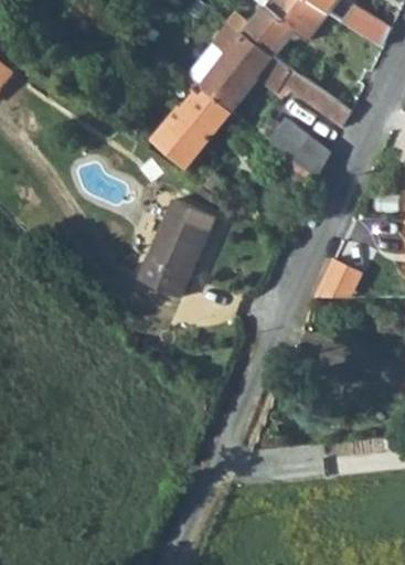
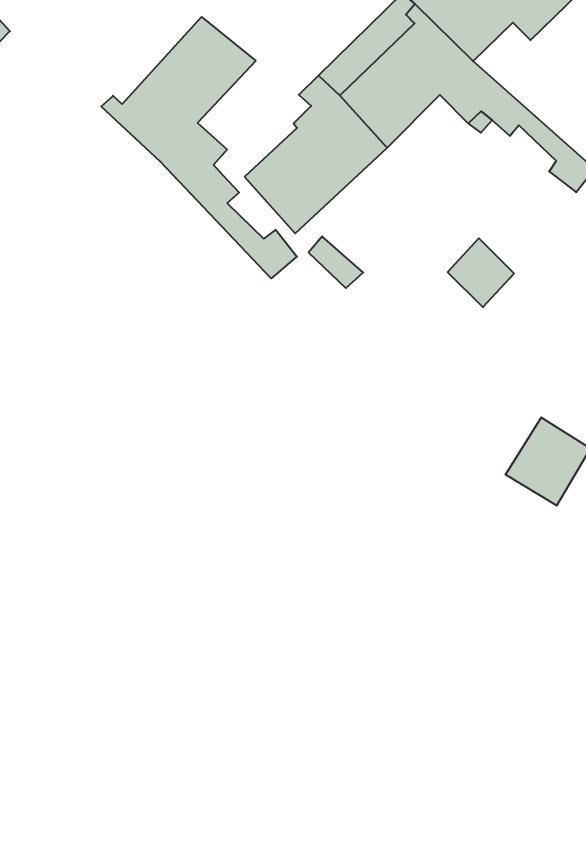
building: none -> [101,17,297,278]
building: [271,119,330,175] -> none
building: [137,200,214,298] -> none

